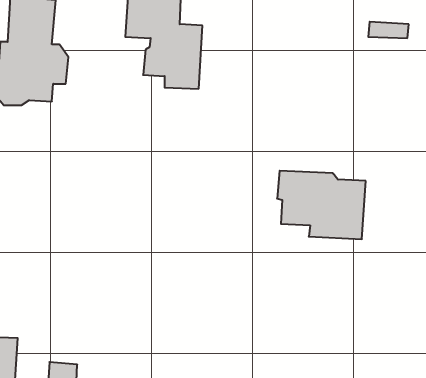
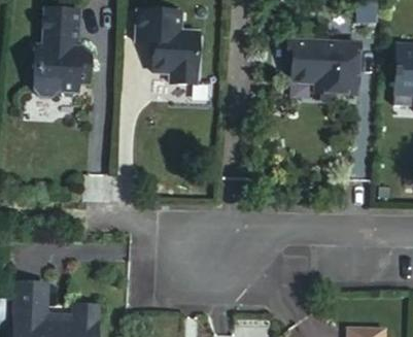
building: [277,171,366,239] -> [286,37,358,93]

